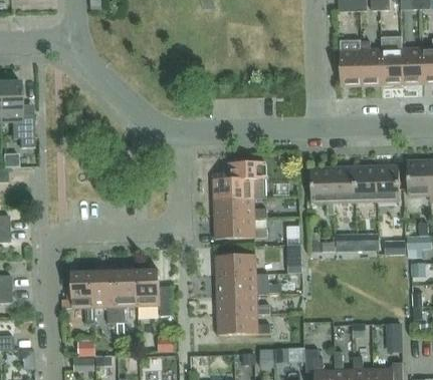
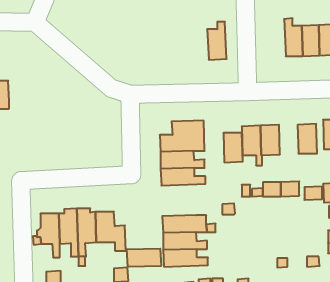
building: [340,41,363,86] -> [207,22,227,60]
building: [355,166,378,202] -> [223,133,243,162]
building: [215,254,256,275] -> [127,249,161,267]

